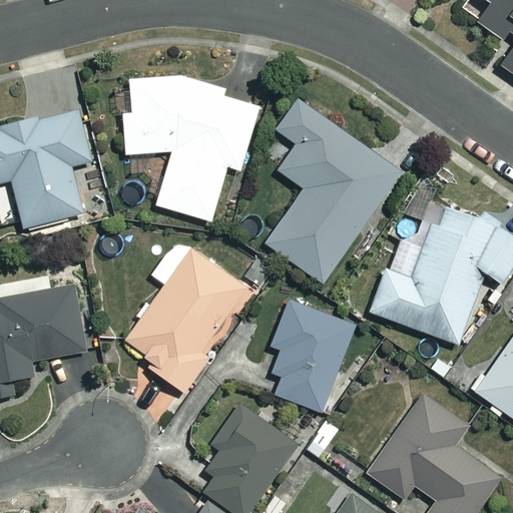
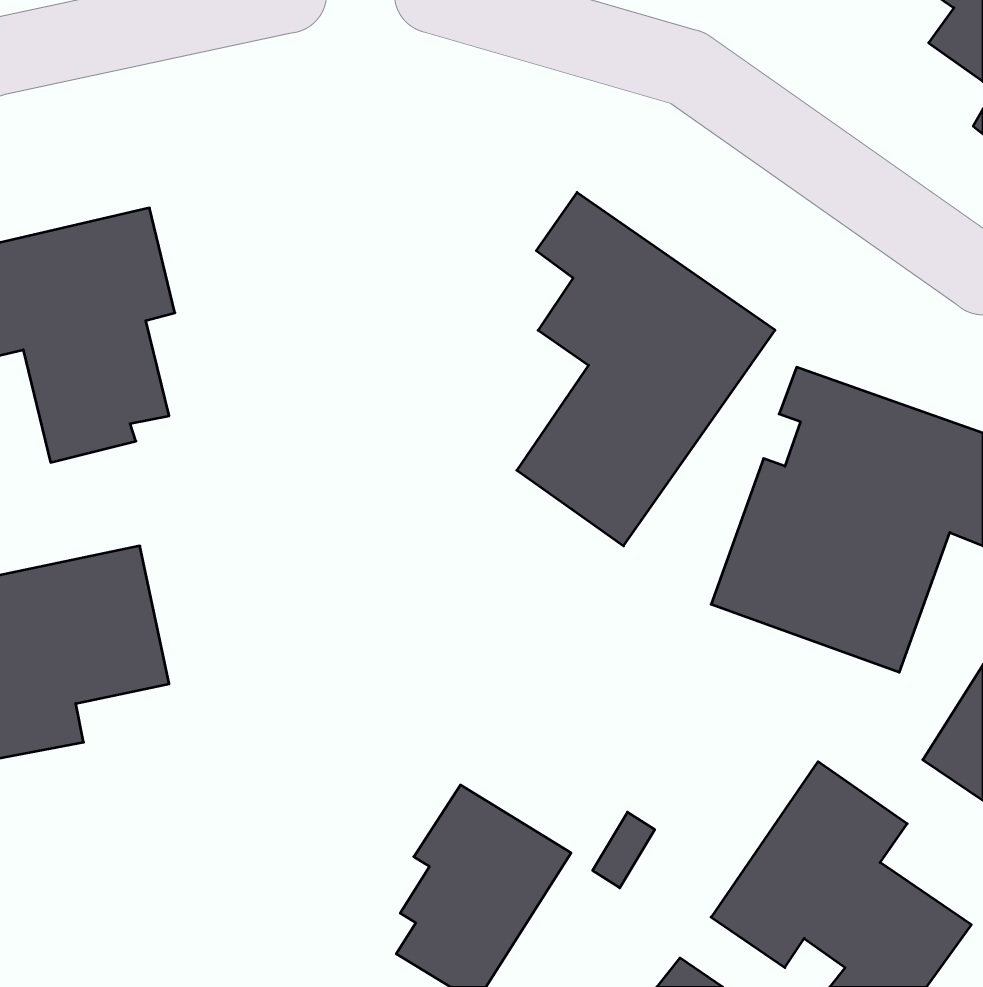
building: [124,77,260,221] -> none
building: [126,238,248,392] -> none
building: [273,300,355,411] -> none

